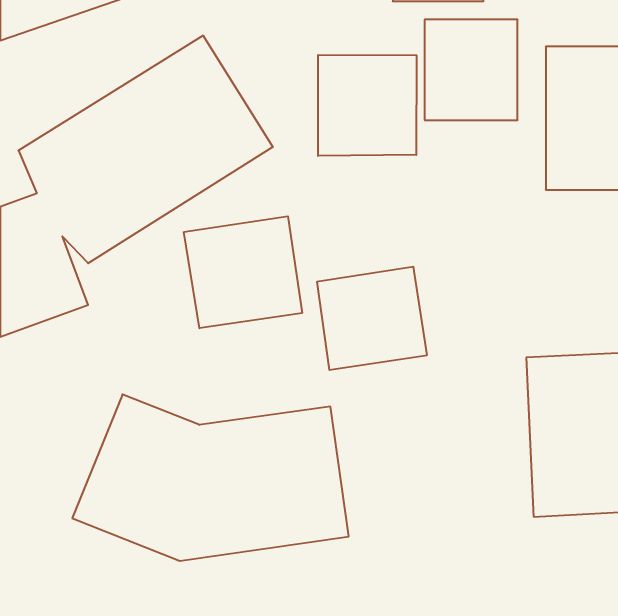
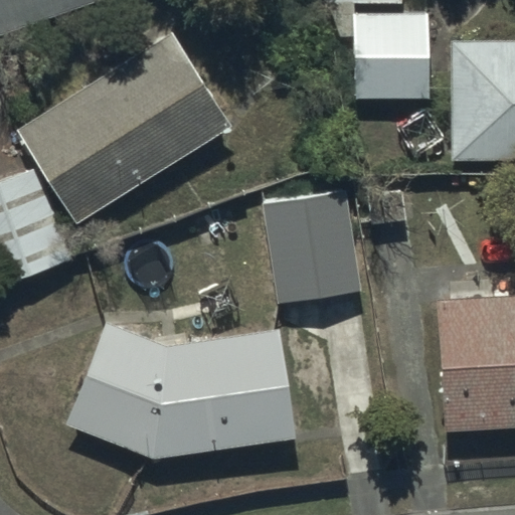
building: [318,55,417,156] -> none
building: [184,216,302,328] -> none

